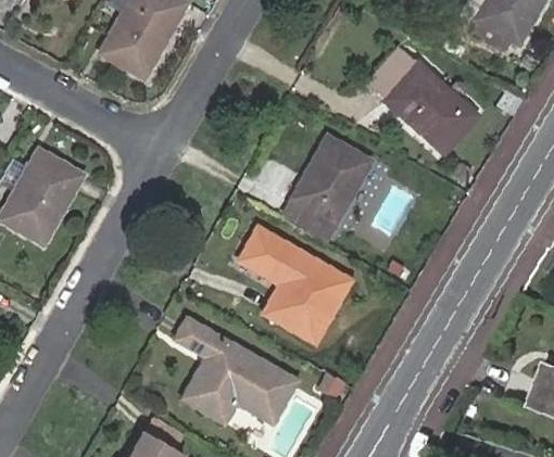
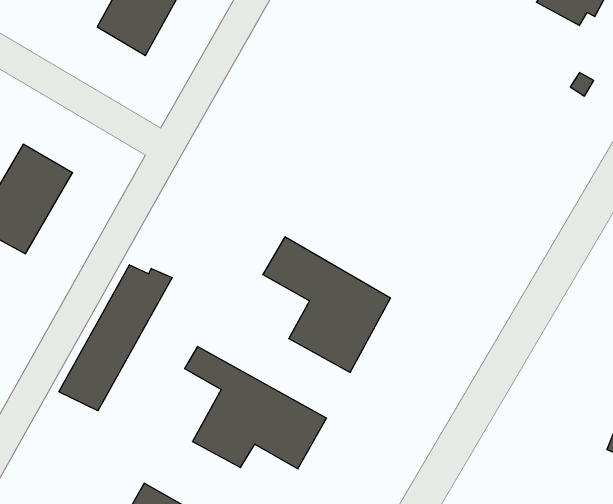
building: [372,50,475,150] -> none
building: [282,137,369,242] -> none
building: none -> [59,265,172,411]

